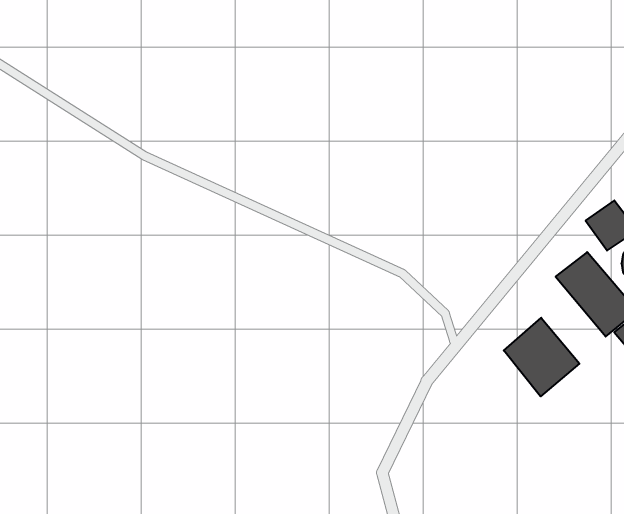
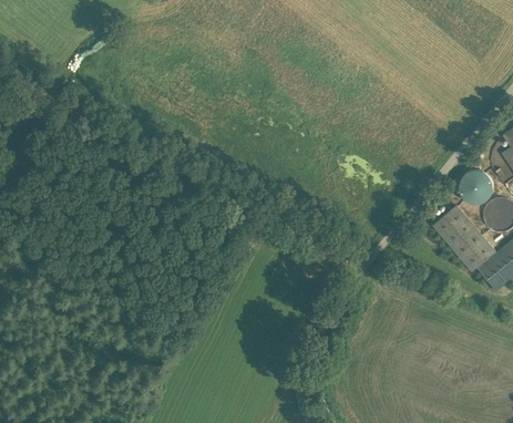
building: [504,318,579,396] -> none

